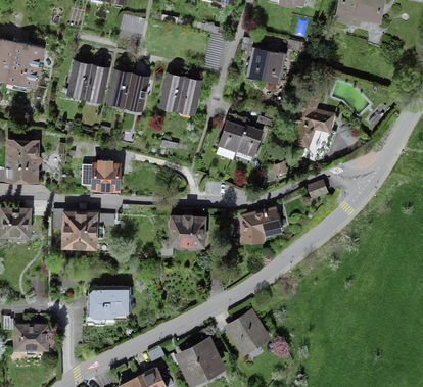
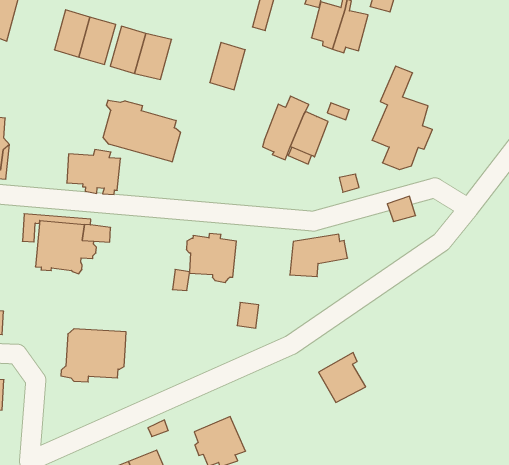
building: [160,76,184,108] -> none
building: none -> [103,100,180,162]
building: [231,312,265,348] -> [319,353,366,402]

